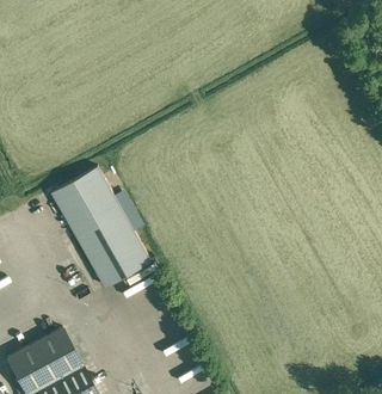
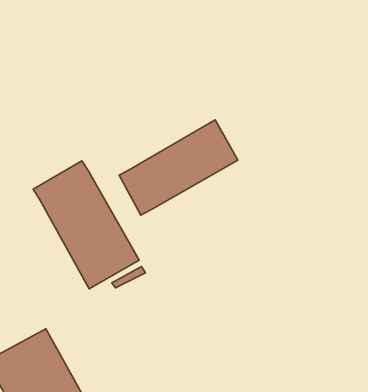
building: none -> [119,120,238,215]

